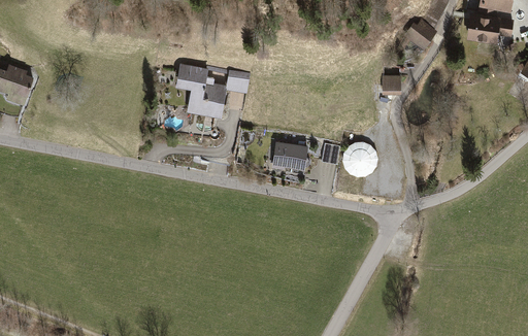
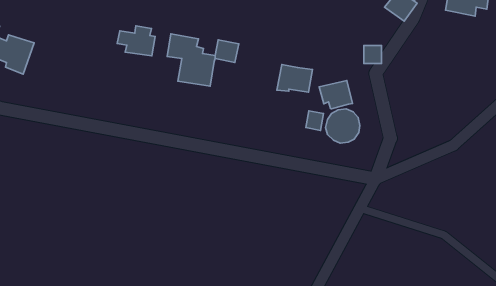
building: none -> [117,26,155,56]
building: none -> [319,80,352,109]
building: [271,141,308,170] -> [277,65,312,92]

